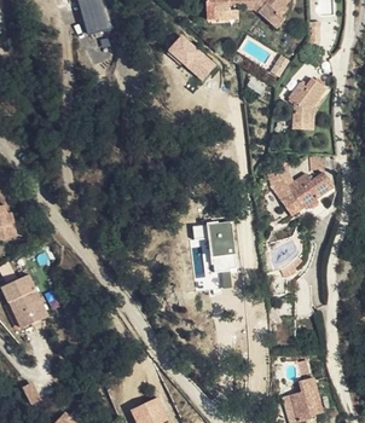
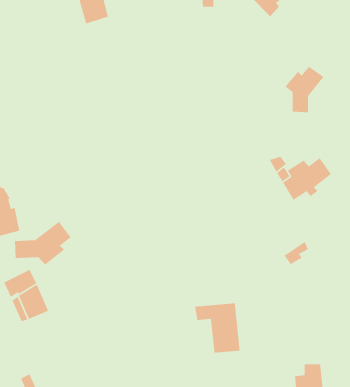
building: [169,35,216,81] -> none
building: [192,221,238,272] -> [194,302,240,353]
building: none -> [14,221,71,265]

